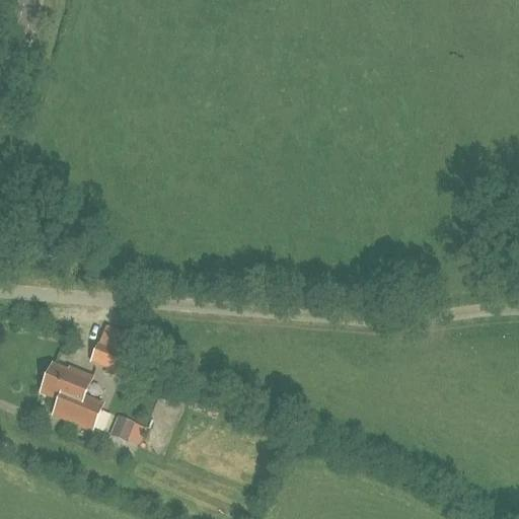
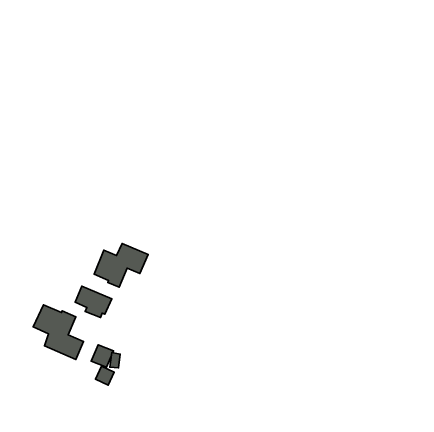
building: none -> [94,243,148,287]

